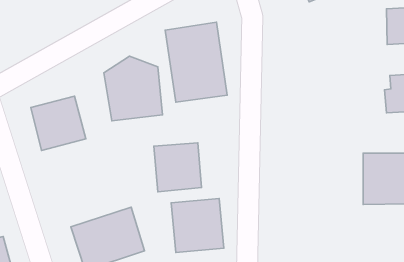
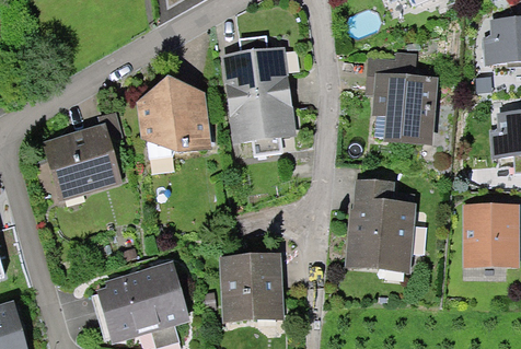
building: none -> [380,77,444,144]
building: none -> [352,183,421,267]
building: [154,143,201,192] -> none

